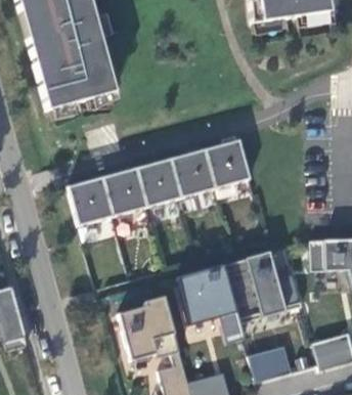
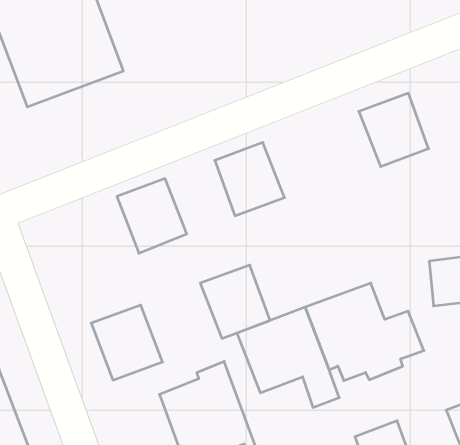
building: [205,140,250,188] -> [359,93,429,167]
building: [136,159,181,207] -> [200,265,270,338]
building: [68,177,114,226] -> [91,305,163,380]

